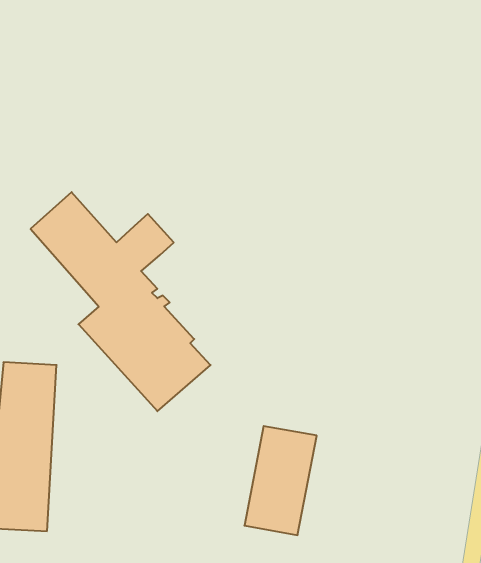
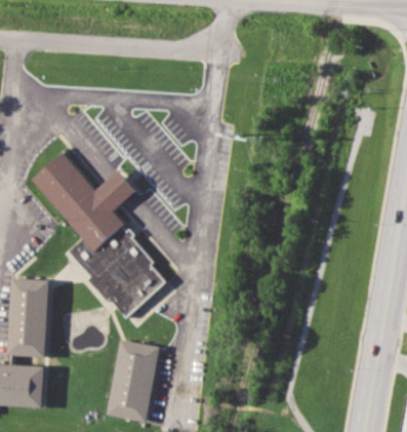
building: [244,426,317,535] -> [106,341,160,423]

